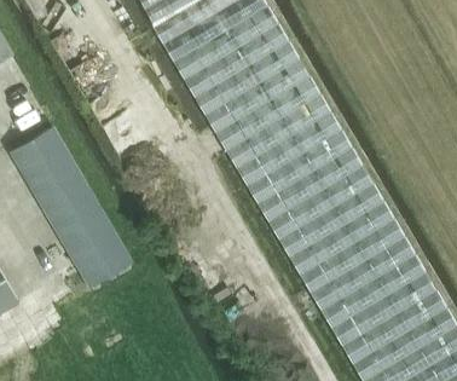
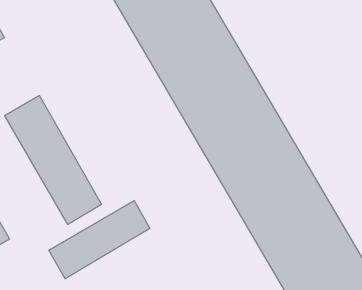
building: none -> [49,201,150,279]

